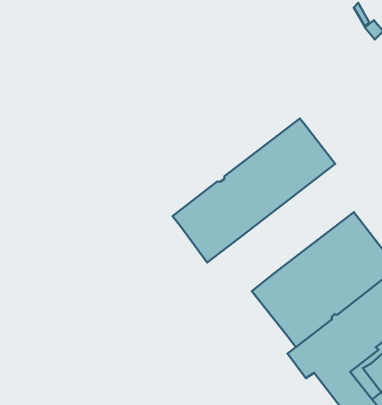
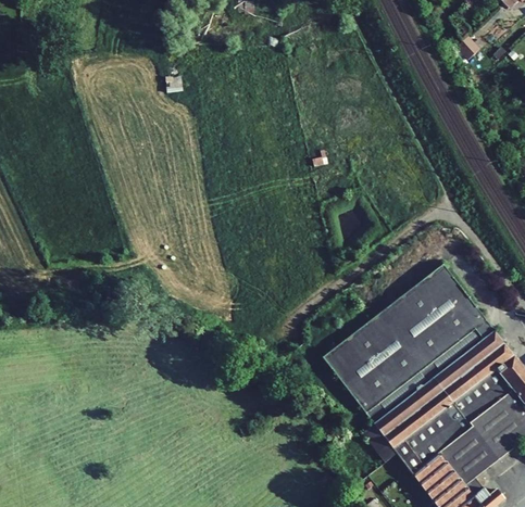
building: [173,119,335,262] -> none

